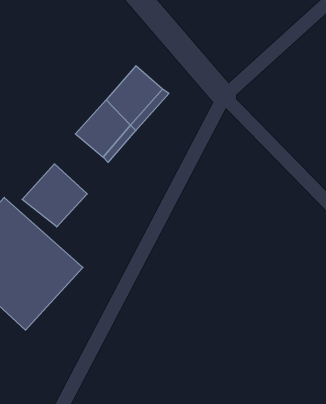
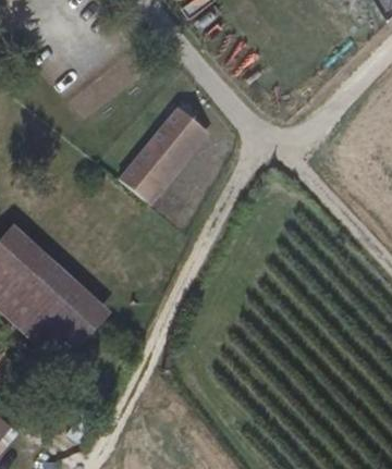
building: [22,164,87,227] -> none

